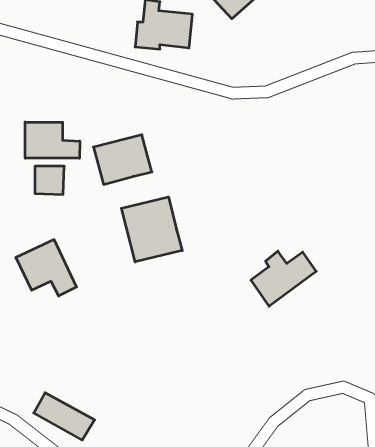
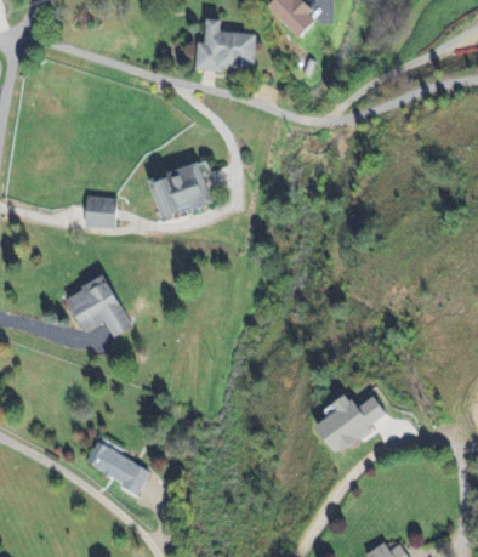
building: [25,122,80,158] -> none
building: [121,197,182,262] -> none
building: [251,251,316,306] -> [318,392,388,451]

